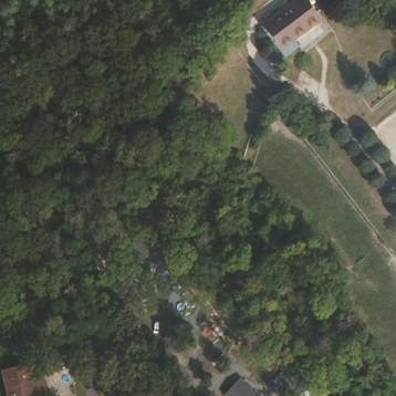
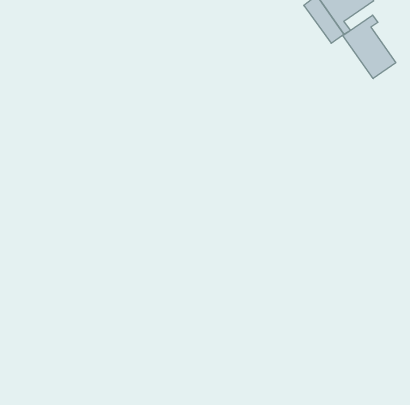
building: none -> [343,15,396,79]

